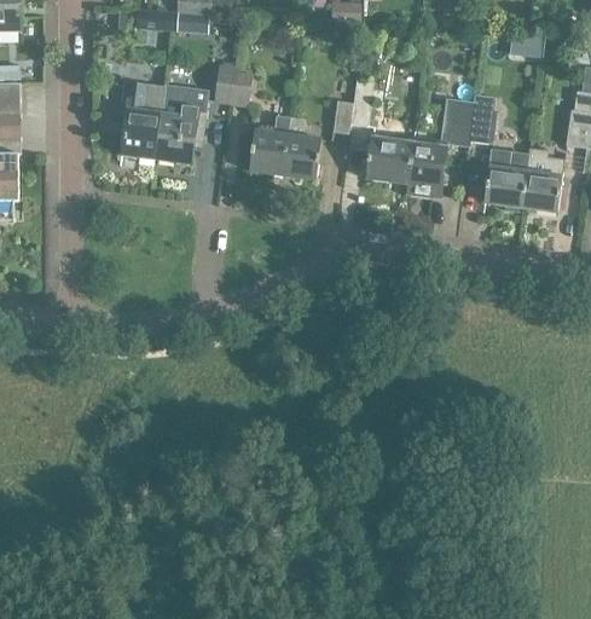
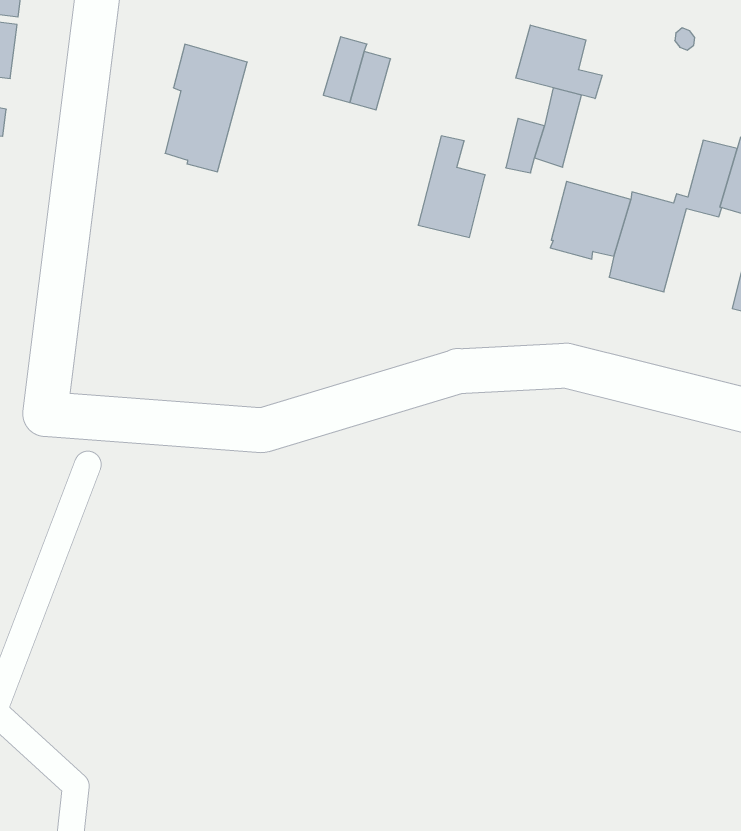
building: none -> [516,25,602,99]
building: [155,86,207,162] -> none
building: [248,116,290,175] -> none

